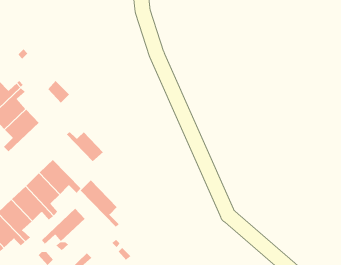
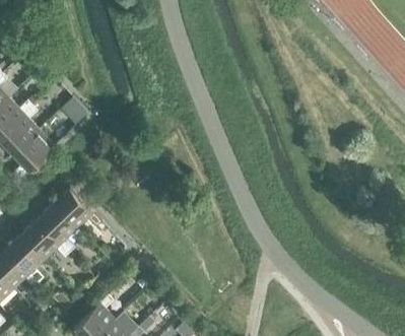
building: [66,131,104,162] -> none
building: [80,180,120,228] -> none
building: [41,208,86,245] -> none

